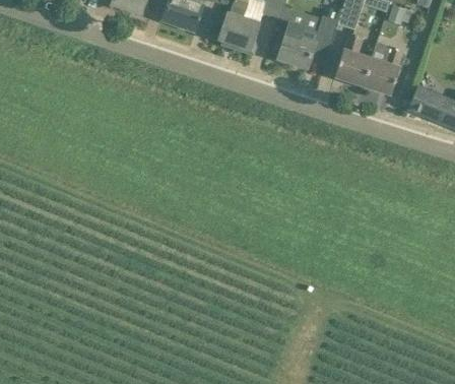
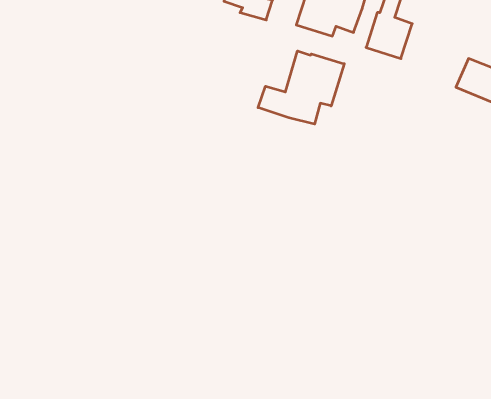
building: [363,46,403,94] -> none
building: none -> [258,51,344,124]

